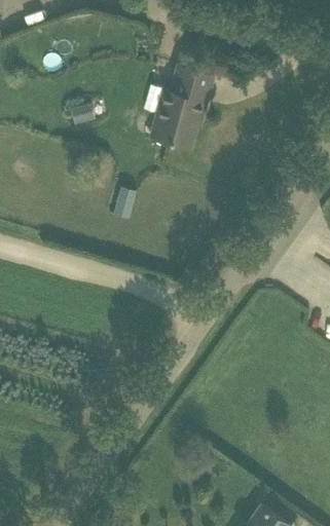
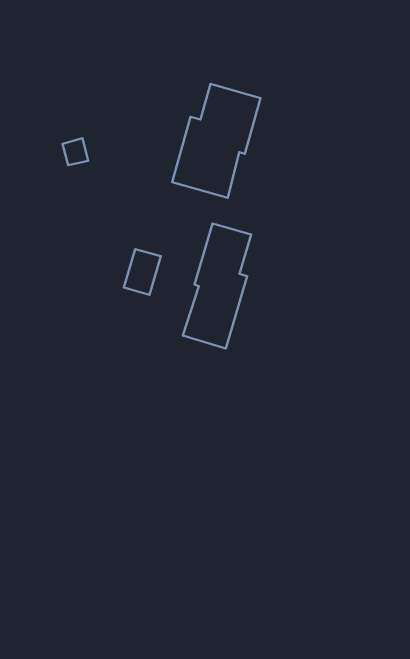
building: none -> [183,223,251,348]

